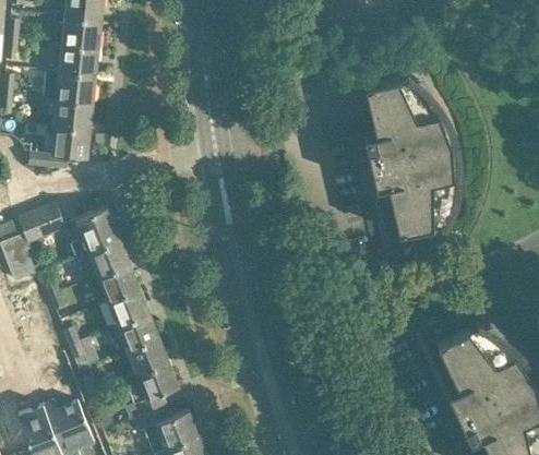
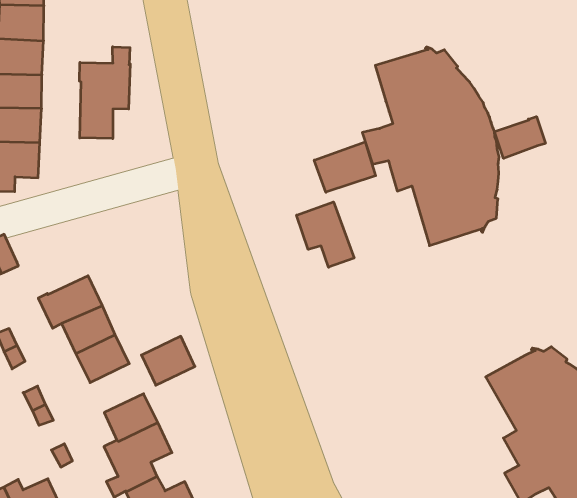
building: none -> [79,47,130,139]
building: none -> [495,117,545,158]
building: none -> [314,142,376,192]
building: none -> [297,202,354,267]
building: [70,207,121,253] -> none
building: [117,313,159,351] -> [141,336,195,385]

